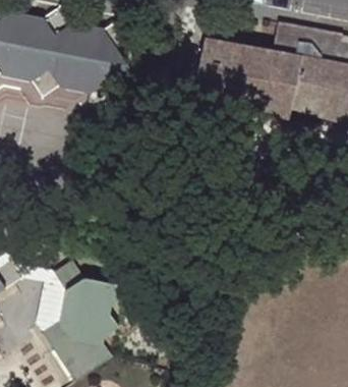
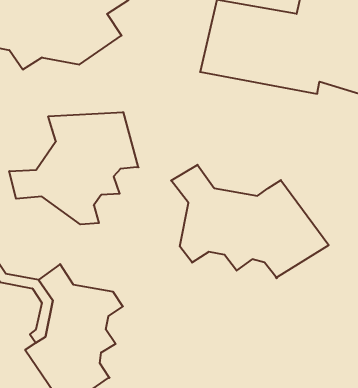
building: none -> [9,112,139,224]
building: none -> [171,165,329,278]

